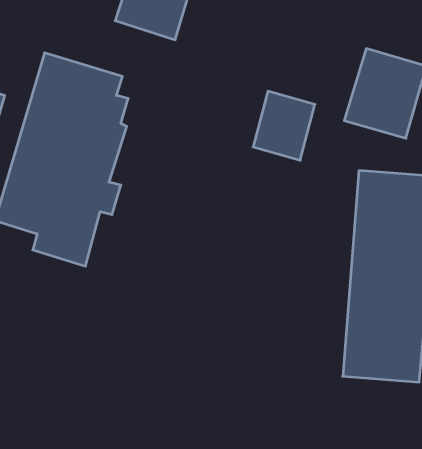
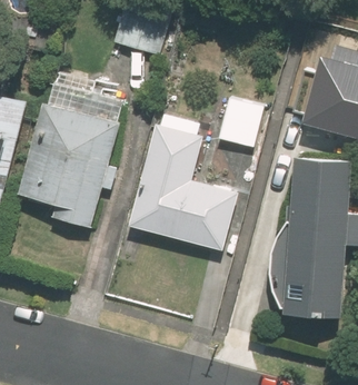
building: none -> [128,115,232,250]

